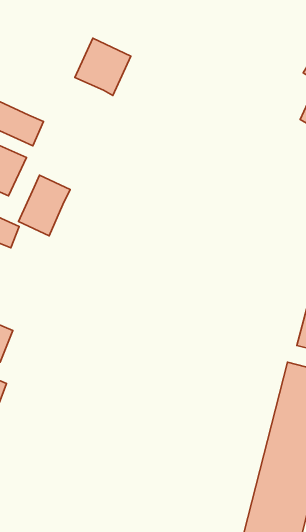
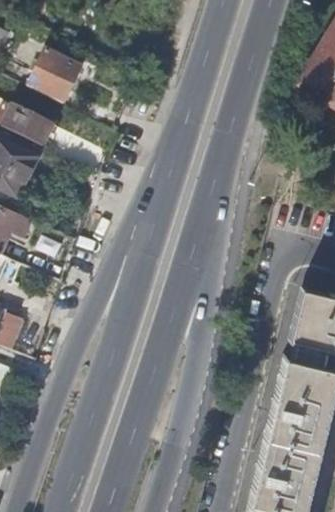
building: [75,38,131,95] -> [30,51,83,105]
building: [19,175,70,236] -> none

